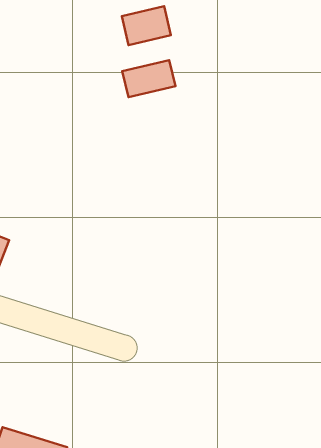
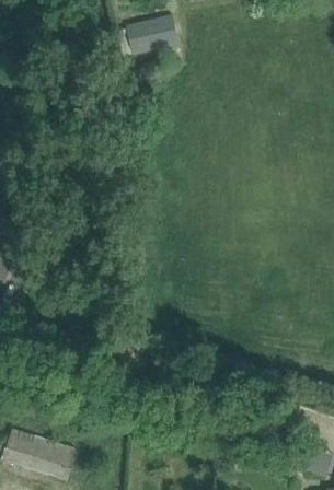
building: [122,60,175,97] -> none

